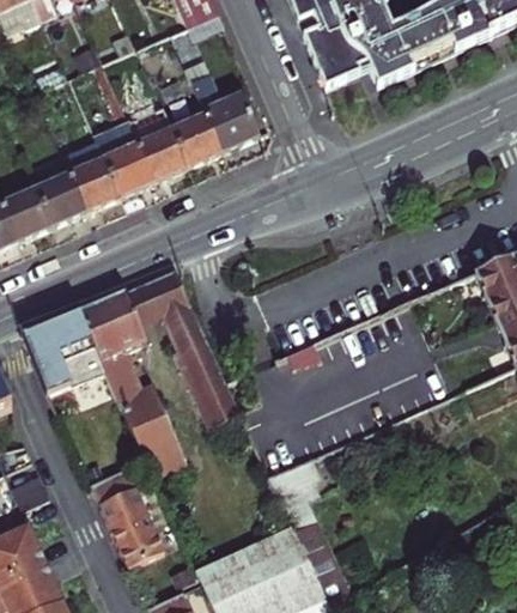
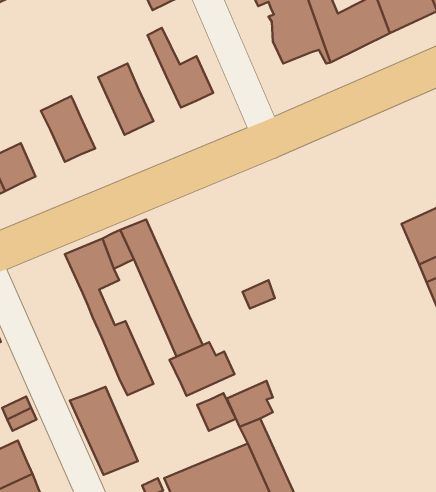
building: [168,109,215,160] -> none
building: [87,110,151,192] -> none
building: [32,170,83,224] -> none
building: [24,312,109,397] -> none
building: none -> [170,342,235,396]
building: none -> [197,393,236,431]

